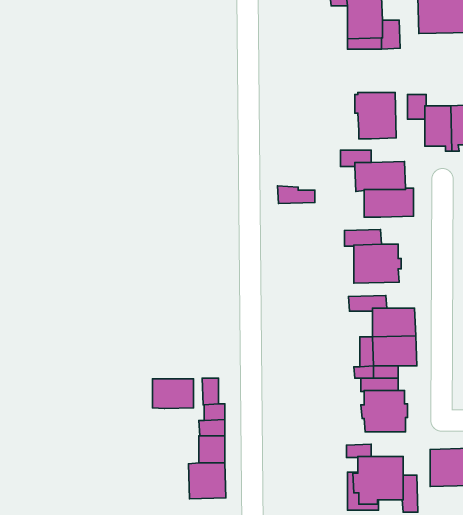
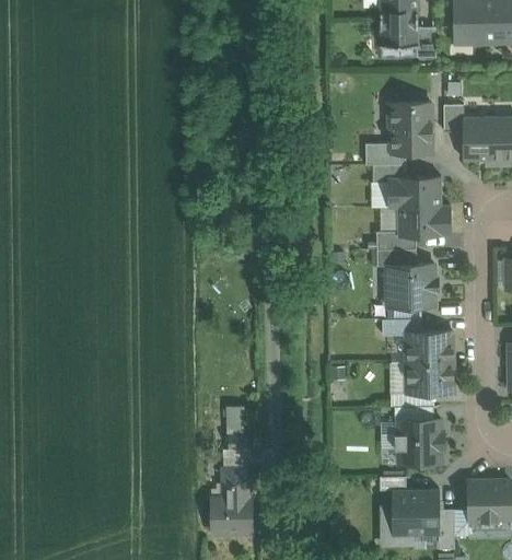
building: none -> [365,144,406,165]
building: [278,186,315,204] -> [376,232,416,250]
building: [153,379,194,409] -> none

